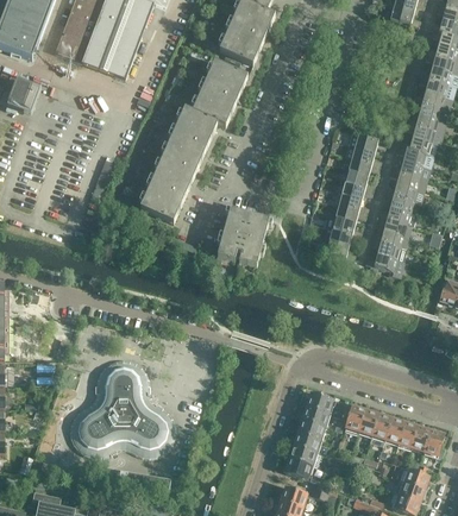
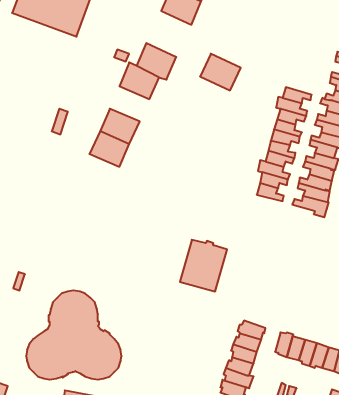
building: [202,59,247,100] -> [200,54,241,90]
building: [162,132,206,171] -> none
building: [217,208,269,265] -> [180,240,227,291]

